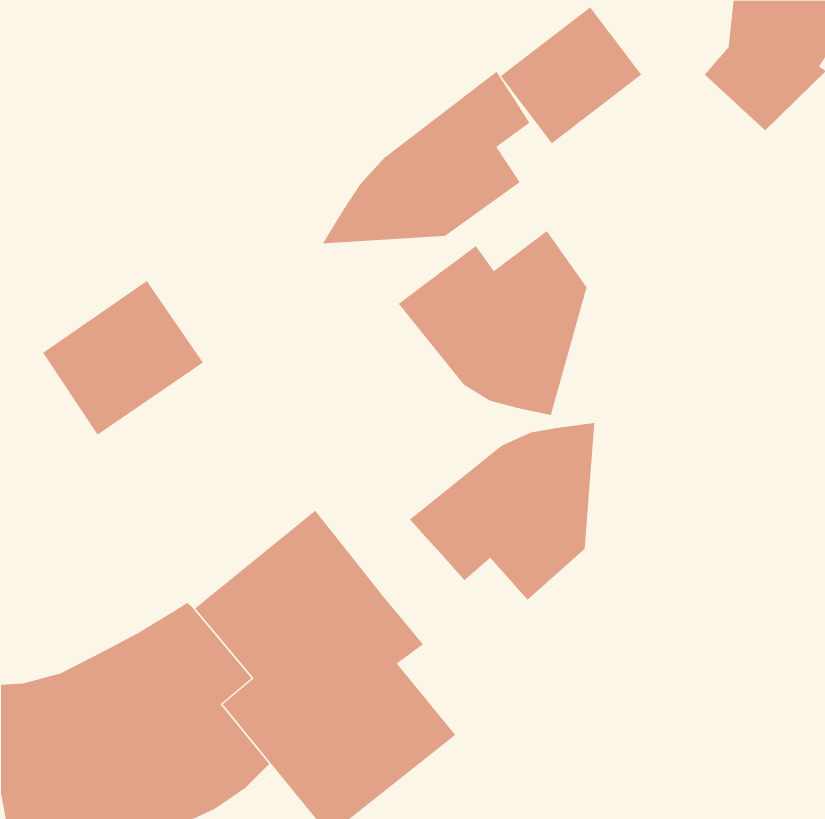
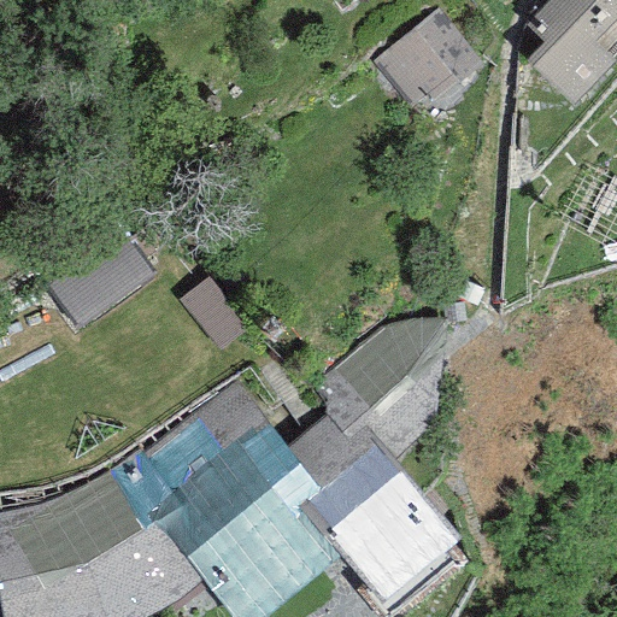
building: [322,71,530,244] -> none
building: [398,230,587,416] -> none
building: none -> [287,416,459,598]

